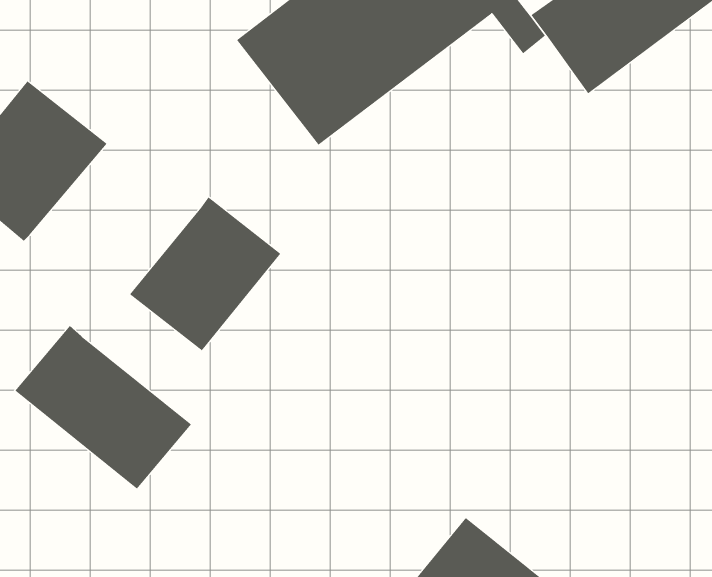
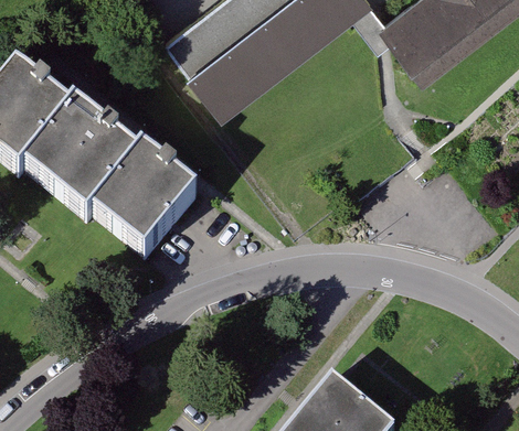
building: none -> [23,103,145,222]
building: [15,325,192,490] -> none

